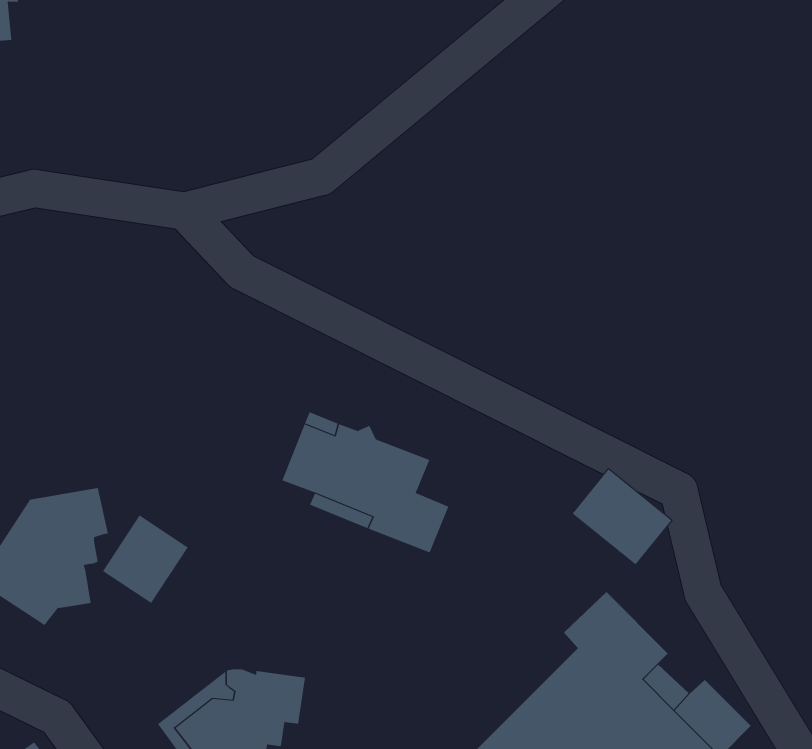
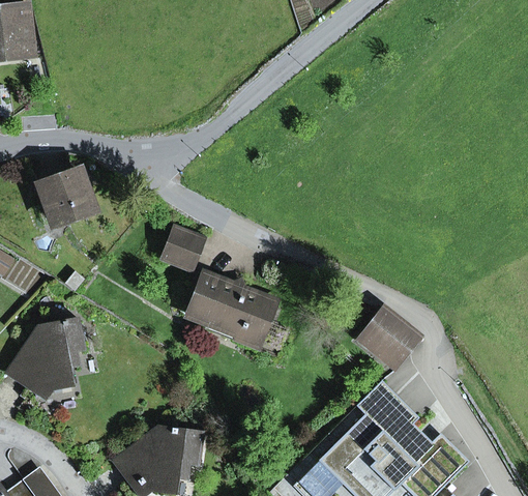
building: none -> [40,172,93,223]
building: none -> [163,228,203,268]
building: [102,515,189,604] -> none

